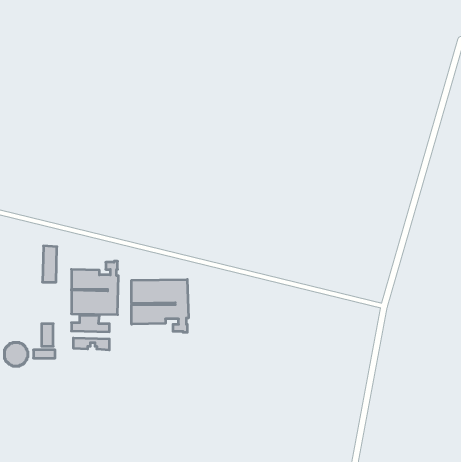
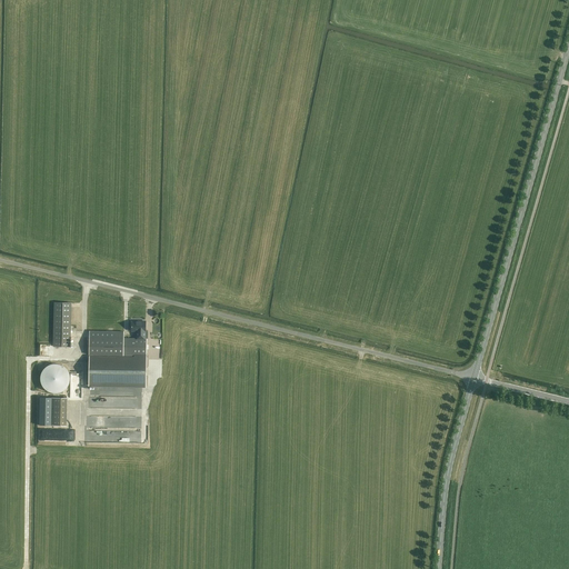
building: [132,279,188,332] -> none
building: [4,343,28,366] -> [40,365,69,393]

